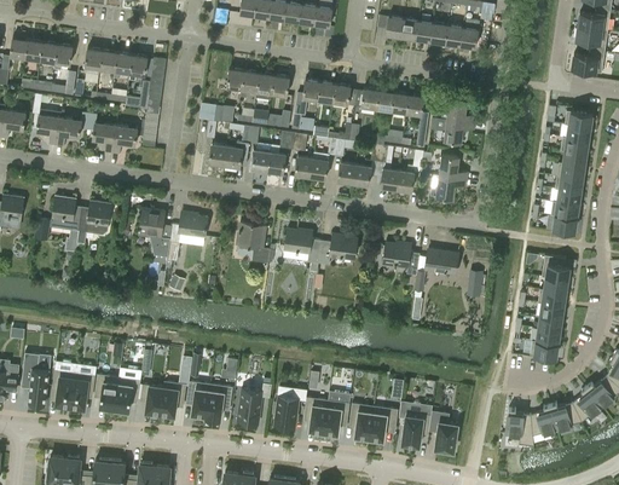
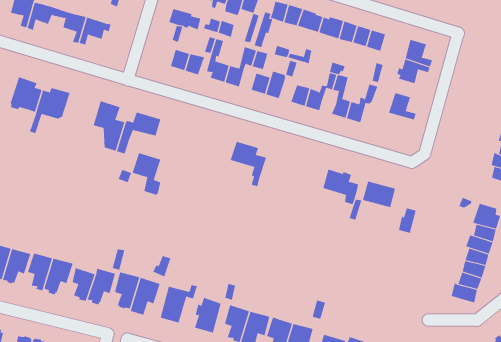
building: [430,175,467,200] -> none
building: [238,223,270,264] -> [132,153,161,196]
building: [318,235,358,265] -> none

